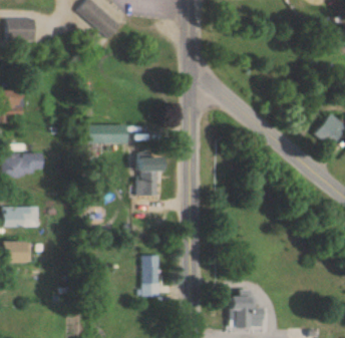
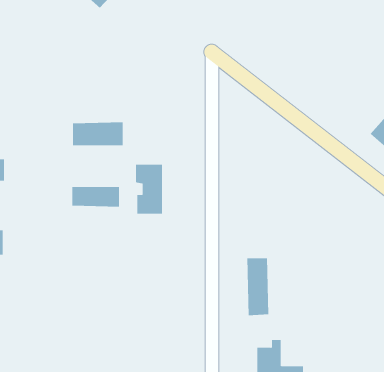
building: none -> [72,186,119,207]
building: [144,255,161,299] -> [247,258,269,316]

